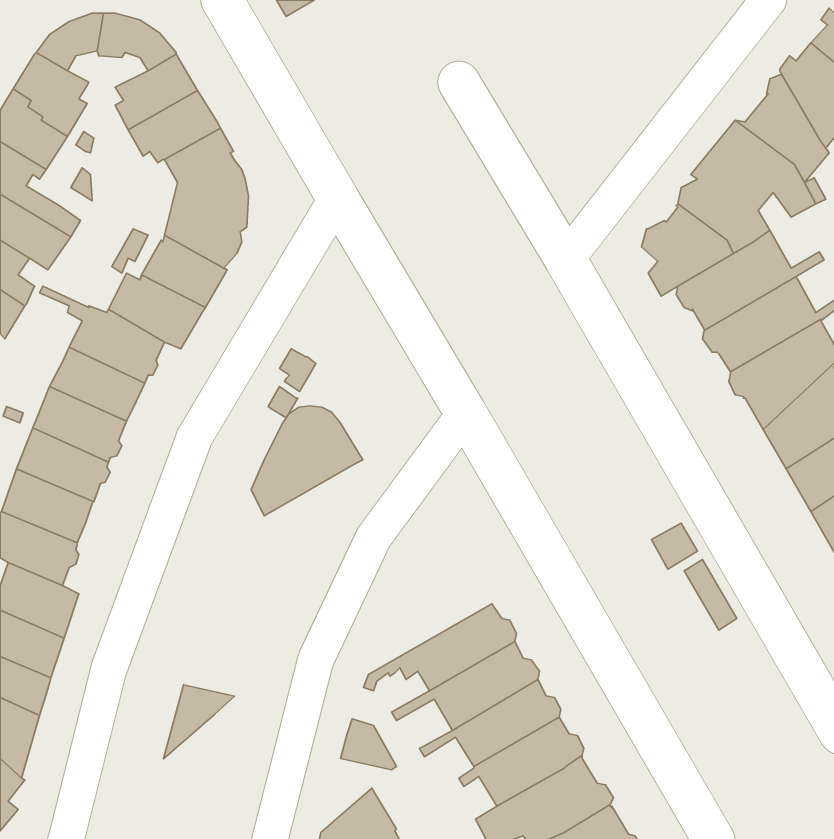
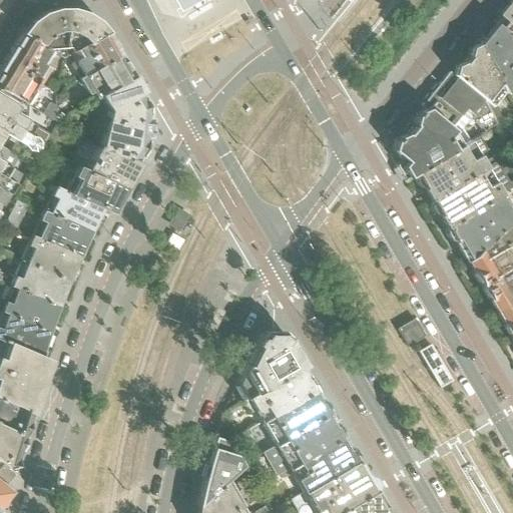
building: [251,406,363,516] -> [239,334,308,401]
building: [164,685,234,759] -> [199,463,242,508]

